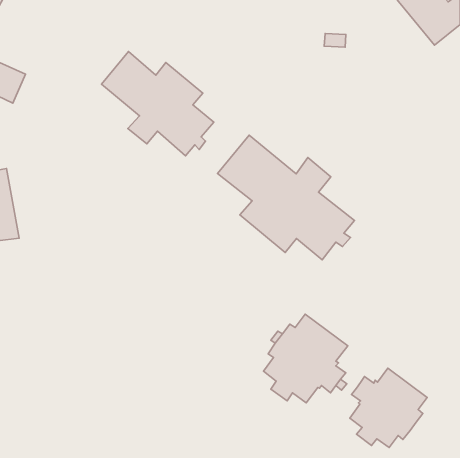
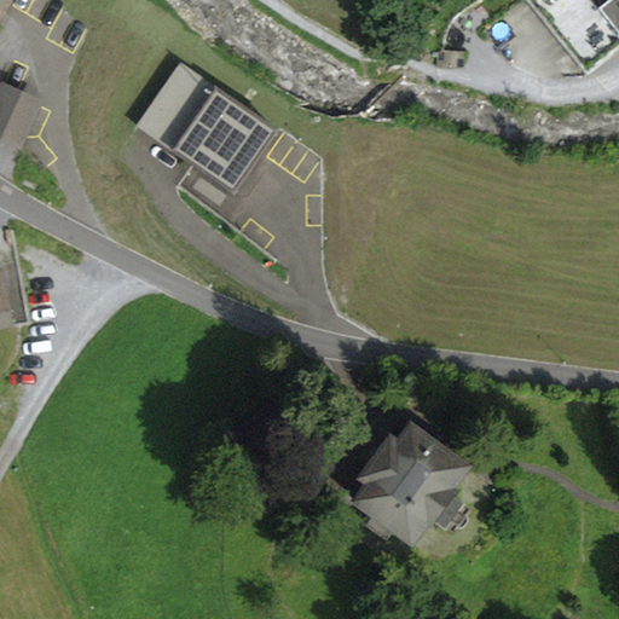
building: [218,135,354,260] -> none
building: [350,368,427,448] -> none

